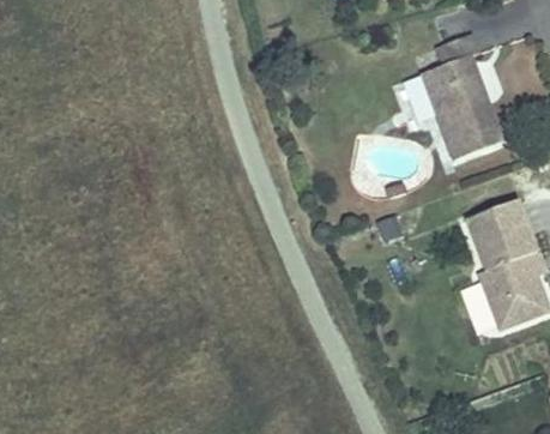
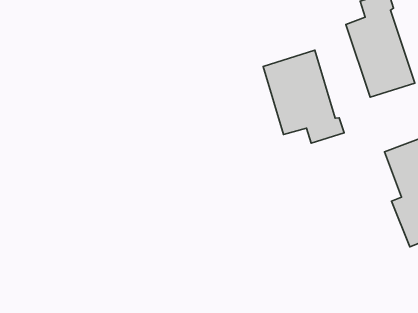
building: none -> [263,50,344,143]

